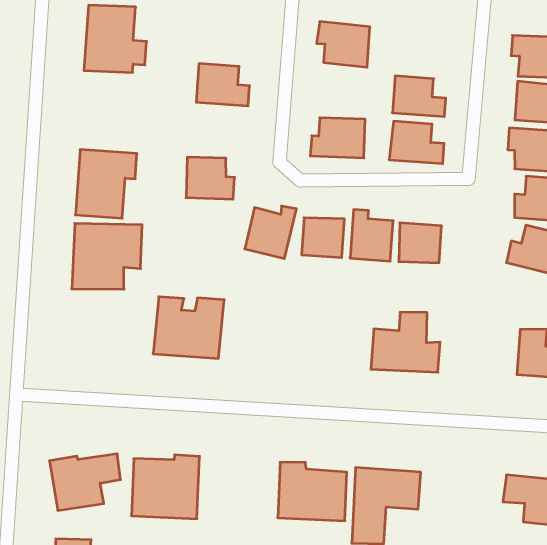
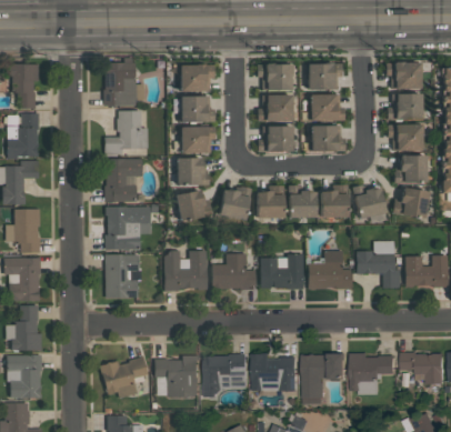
building: none -> [180,64,214,92]
building: none -> [308,63,342,90]
building: none -> [258,96,292,122]
building: none -> [104,111,148,154]
building: none -> [180,127,214,153]
building: none -> [176,191,212,220]
building: none -> [353,185,385,219]
building: none -> [106,254,140,299]
building: none -> [355,241,401,289]
building: none -> [212,254,255,290]
building: none -> [260,257,303,289]
building: none -> [204,356,248,398]
building: none -> [351,353,395,394]

